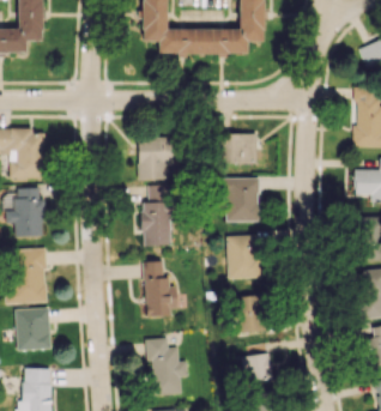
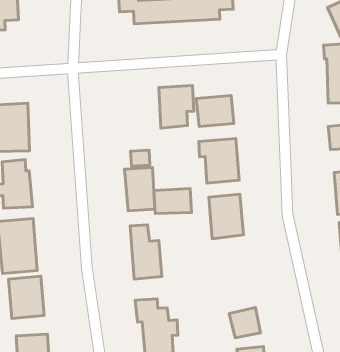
building: [139,138,174,180] -> [159,86,194,128]
building: none -> [154,189,191,213]
building: [235,294,266,332] -> none

